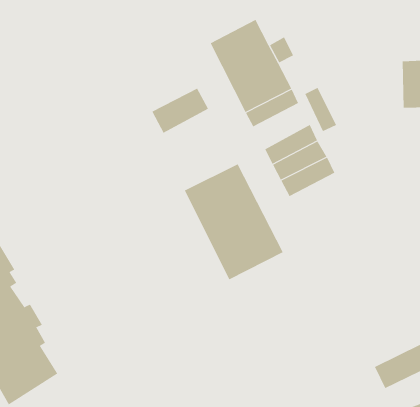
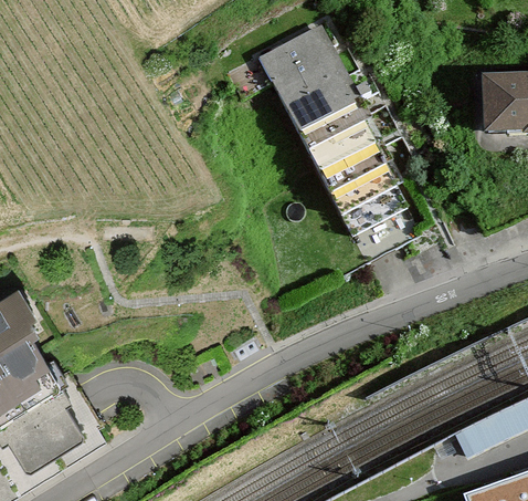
building: [152,88,209,134] -> [311,127,378,180]
building: [184,163,284,280] -> none

